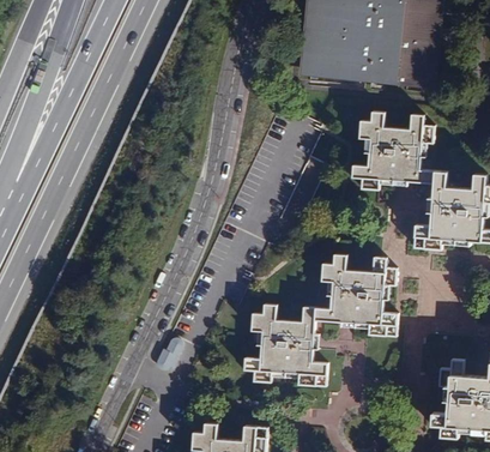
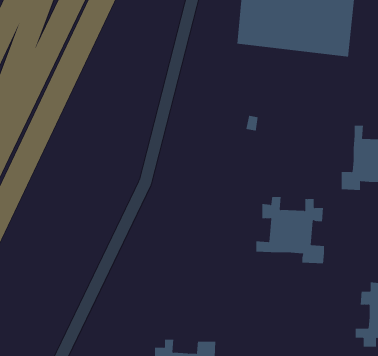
building: [349,112,431,191] -> none
building: [244,306,327,387] -> none

